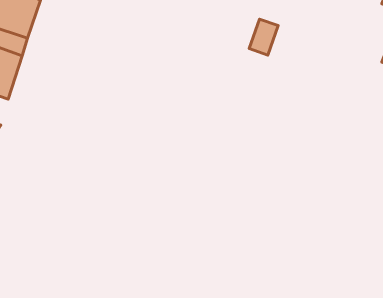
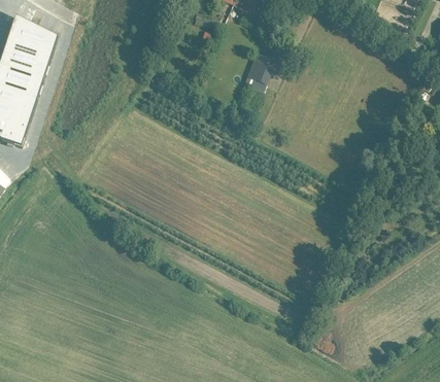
building: [249,19,278,55] -> [243,53,275,93]

